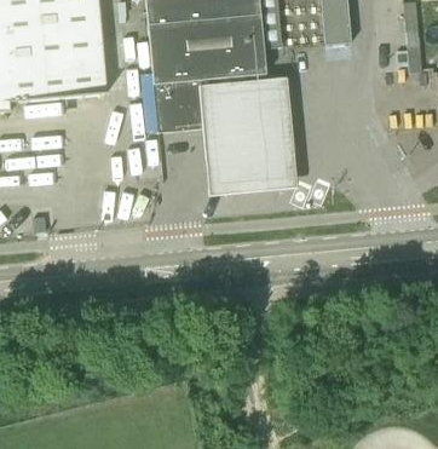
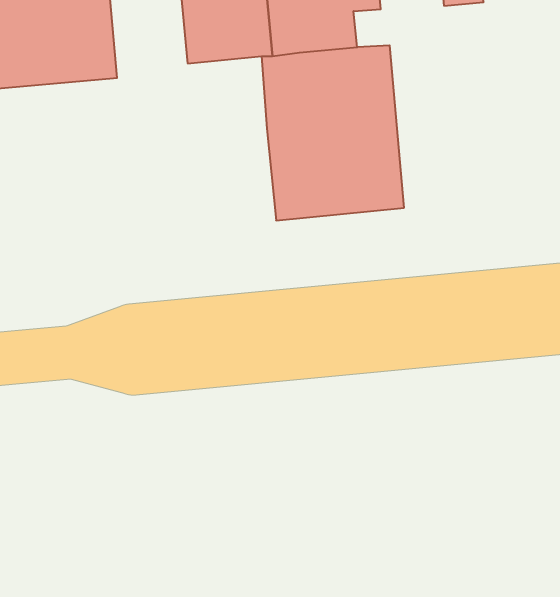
building: [151,79,204,132] -> none

